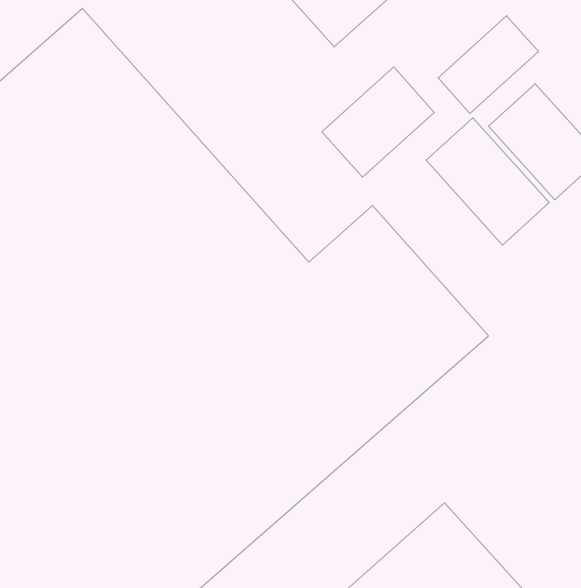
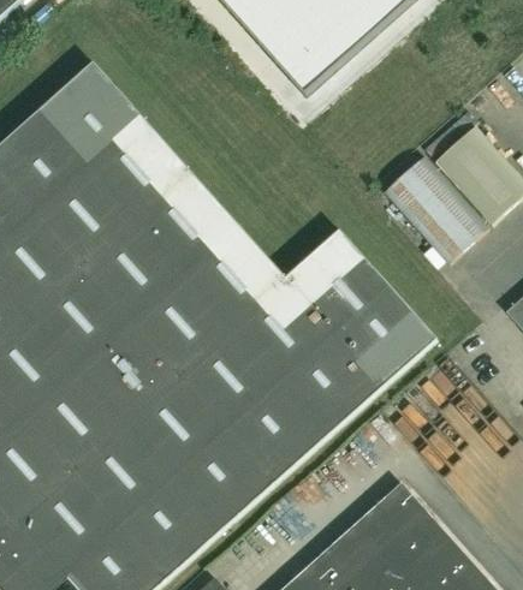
building: [438,16,538,113] -> none
building: [322,67,434,177] -> none

